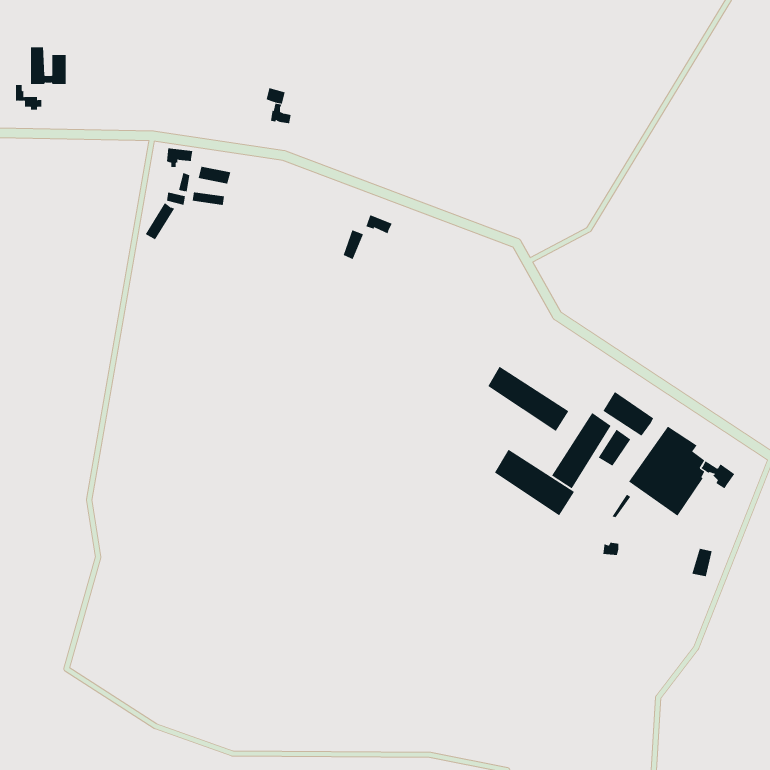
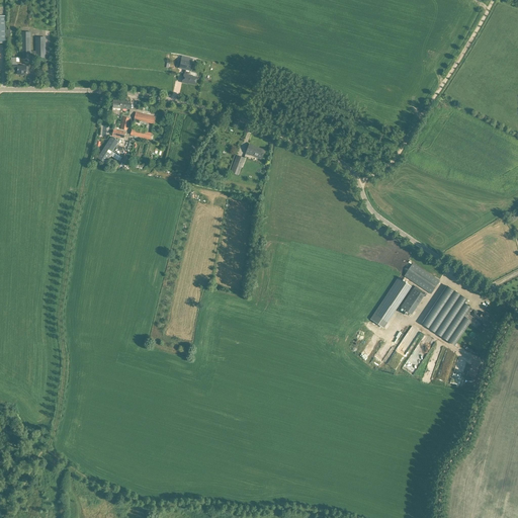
building: [487,366,569,432] -> none
building: [494,449,575,516] -> none

